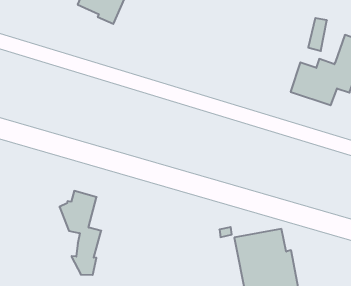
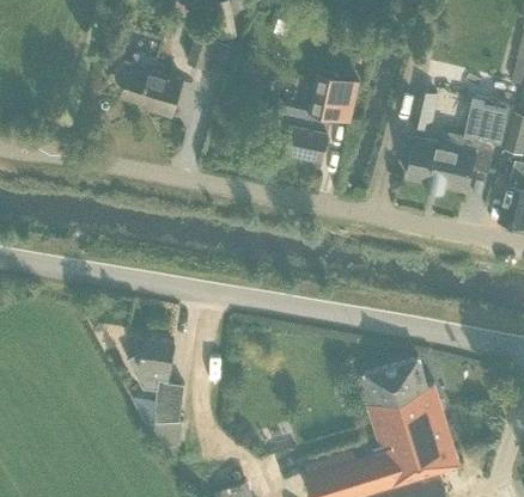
building: none -> [274,73,359,159]

